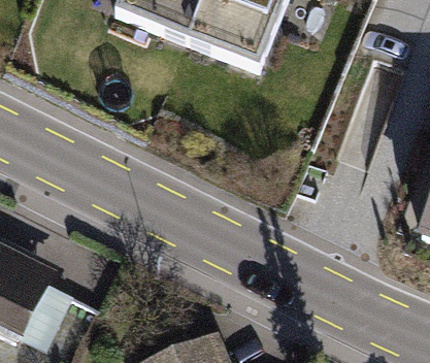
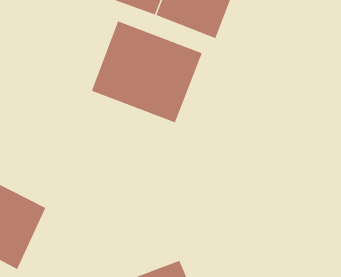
building: none -> [91,21,202,123]

